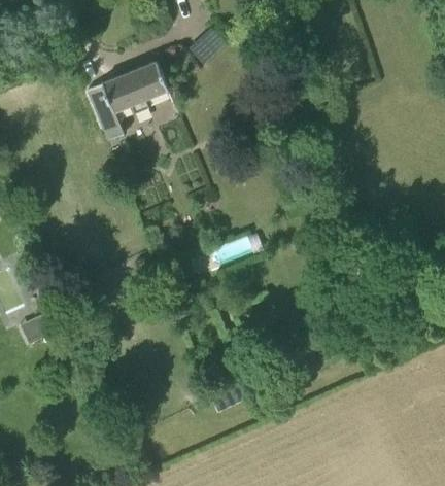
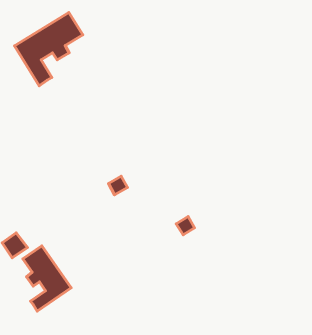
building: none -> [23,246,71,311]

